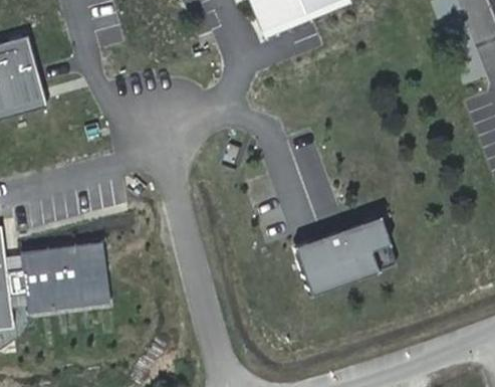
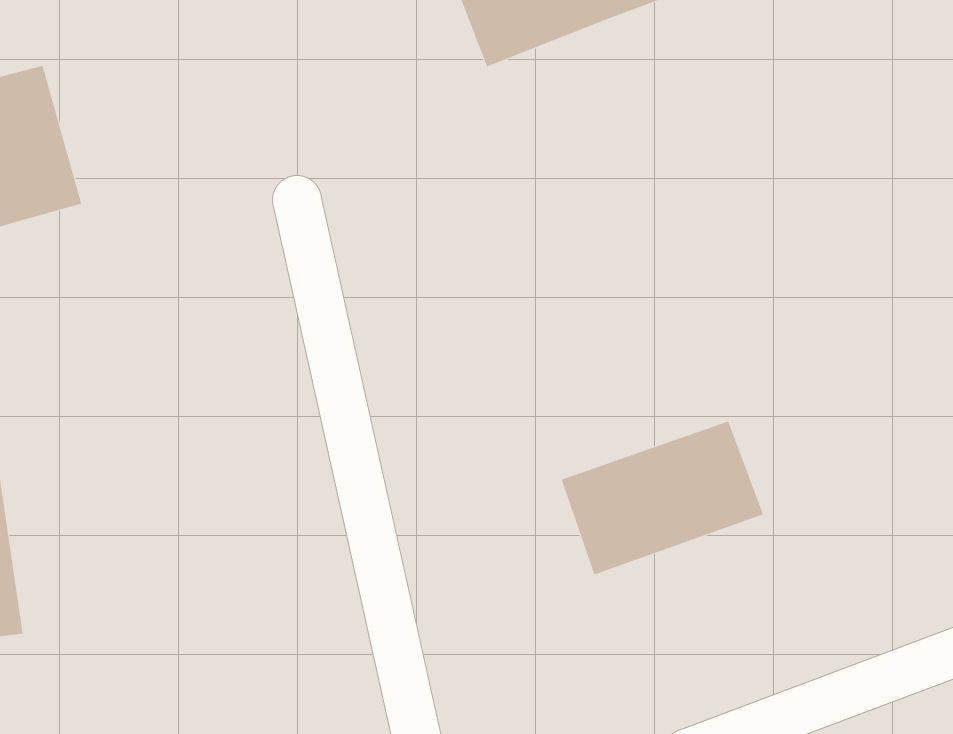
building: [23,239,112,314] -> none

